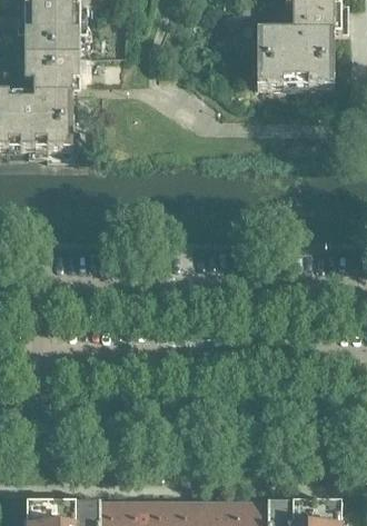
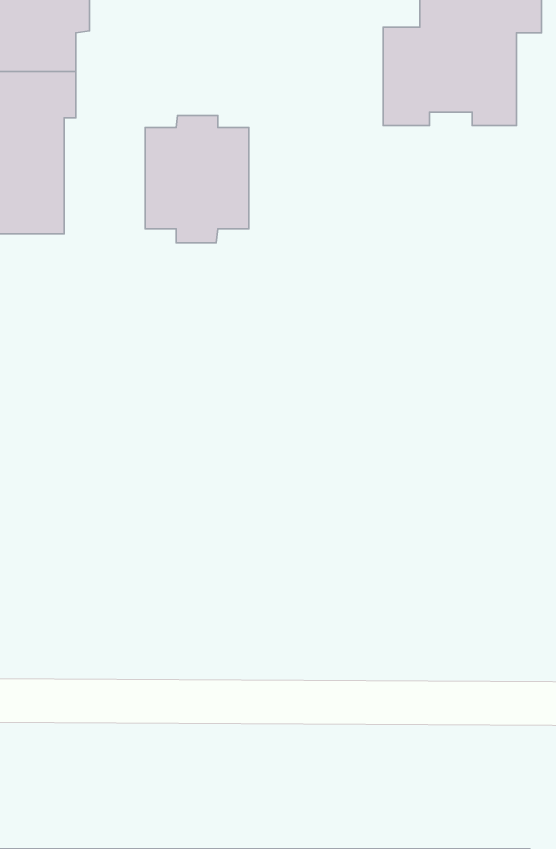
building: none -> [145,115,249,243]

